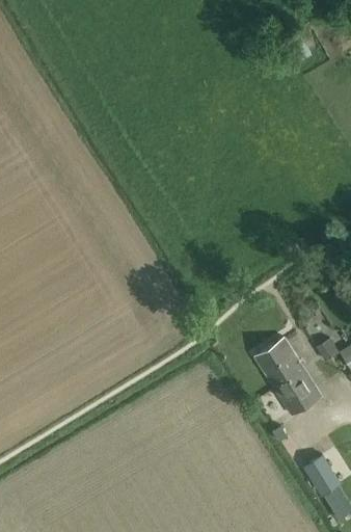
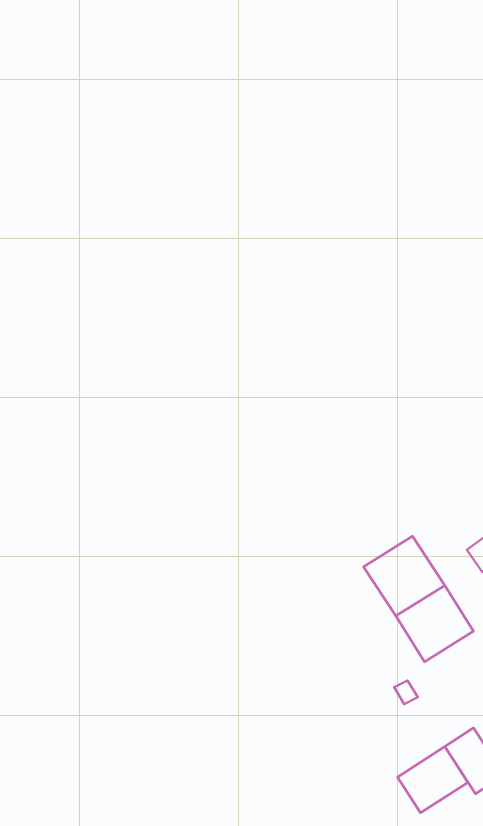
building: none -> [398,747,468,813]

